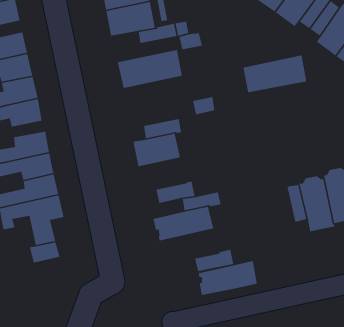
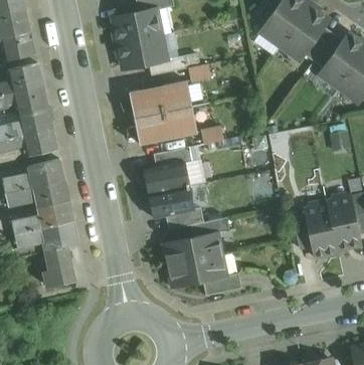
building: [242,55,307,93] -> [135,107,197,144]
building: none -> [149,185,195,218]
building: [198,260,258,296] -> [169,253,226,288]

